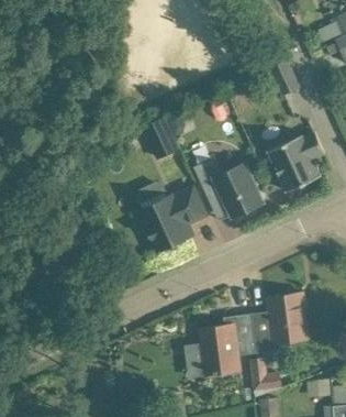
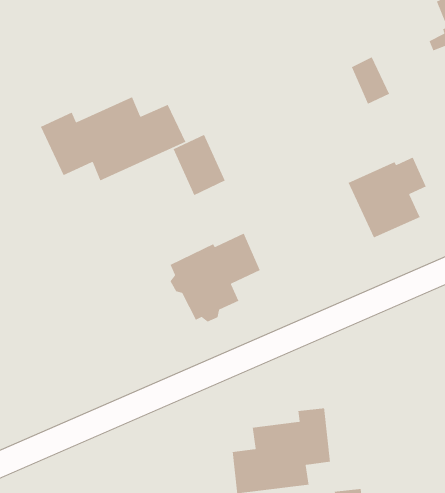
building: none -> [40,96,187,181]
building: [193,156,263,216] -> none
building: [252,292,309,352] -> none

